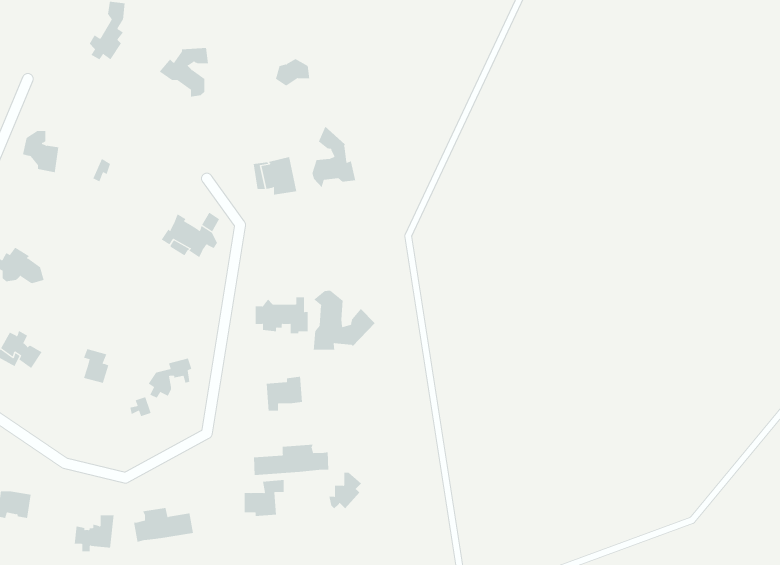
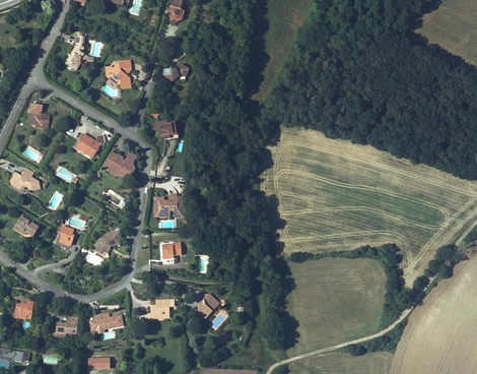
building: [312,126,356,188] -> none
building: none -> [74,133,105,155]
building: [313,290,375,351] -> none
building: [253,444,329,476] -> none

